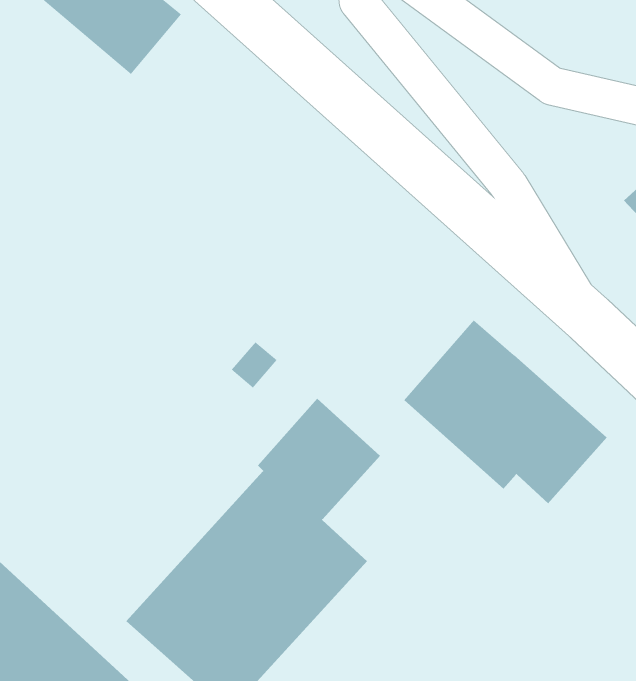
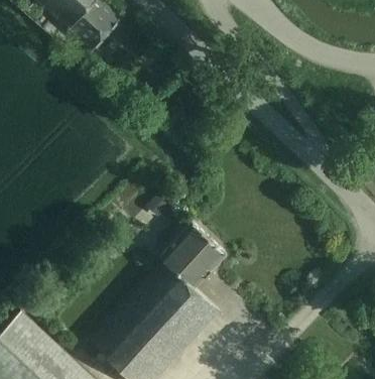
building: [403,319,607,504] -> none

